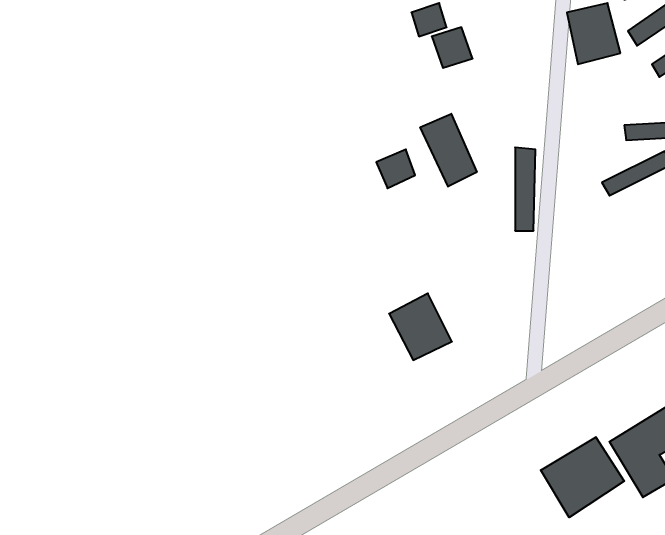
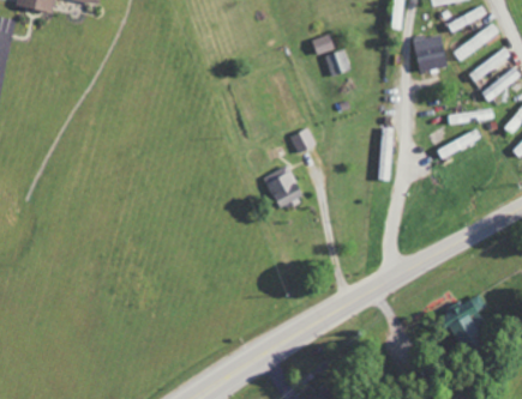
building: [420,114,477,187] -> none
building: [389,293,452,360] -> [262,165,302,208]
building: [541,437,624,517] -> none

